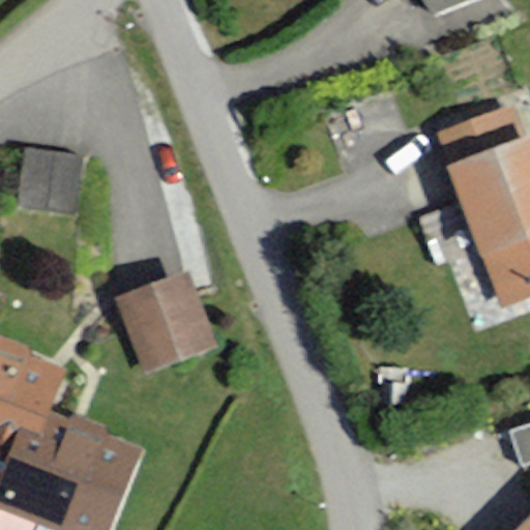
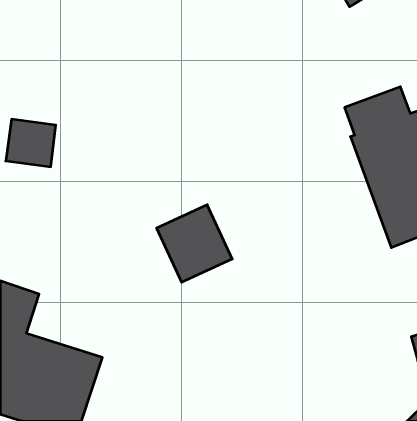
building: [118,274,212,371] -> [157,205,232,282]

